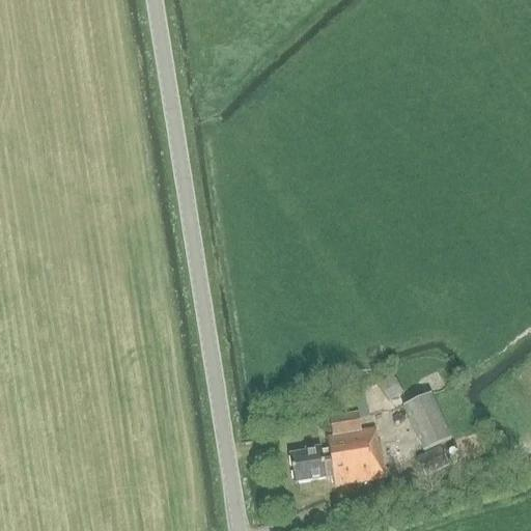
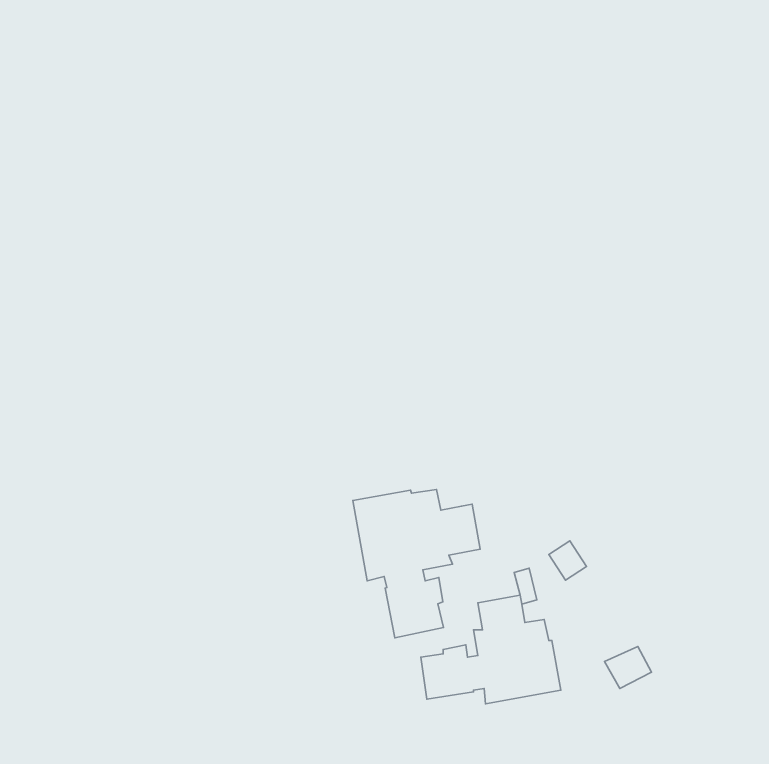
building: none -> [353,489,480,638]
building: [403,391,451,449] -> none

